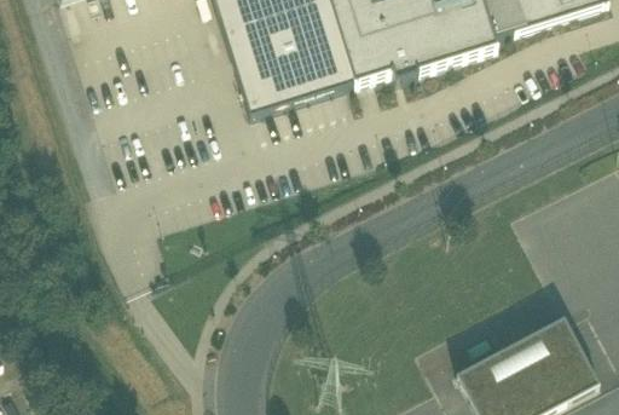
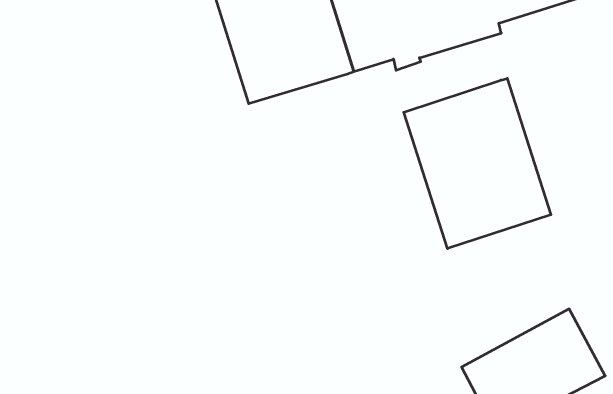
building: none -> [404,78,551,249]

